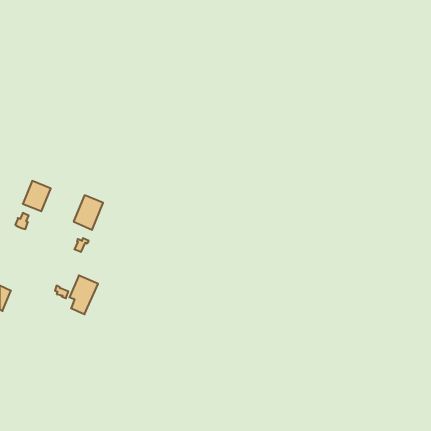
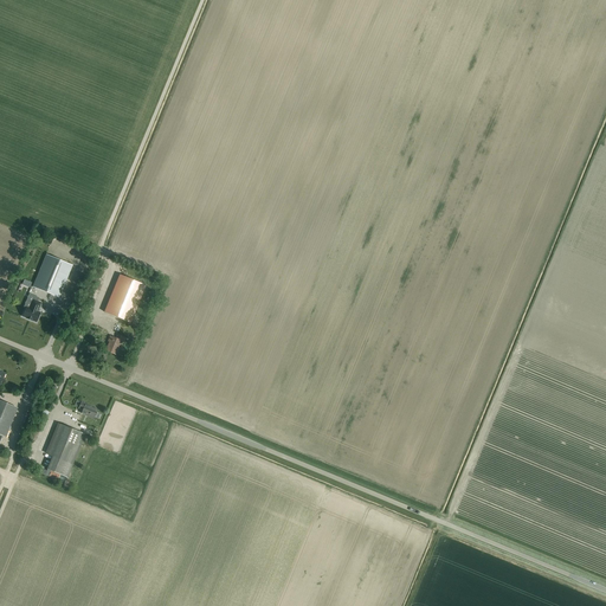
building: [69,275,98,314] -> [44,421,84,476]

